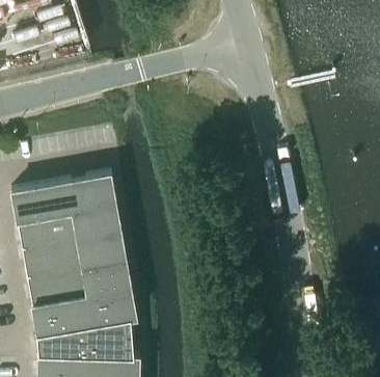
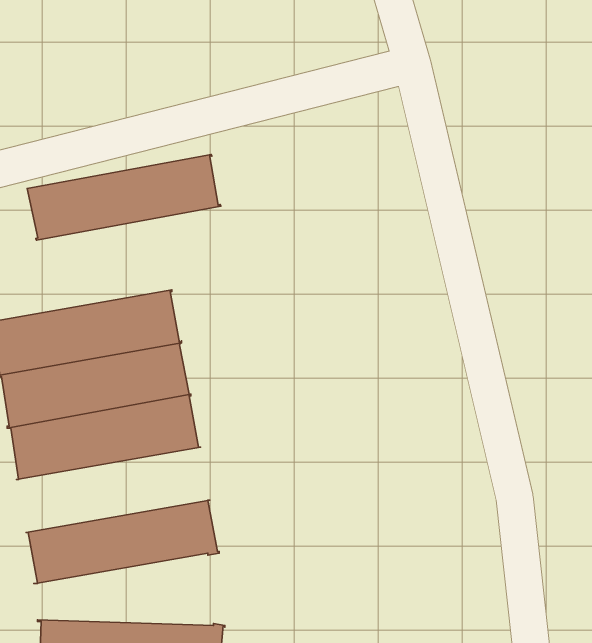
building: none -> [27,154,221,240]
building: [26,258,132,304] -> none
building: [35,316,134,355] -> none

